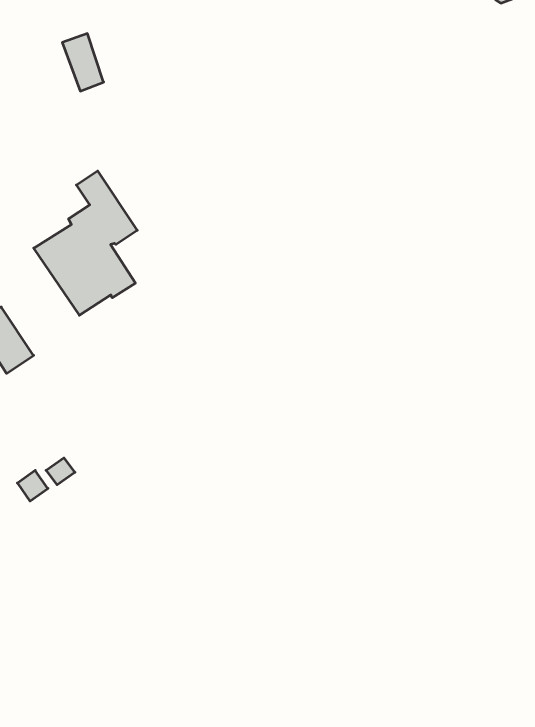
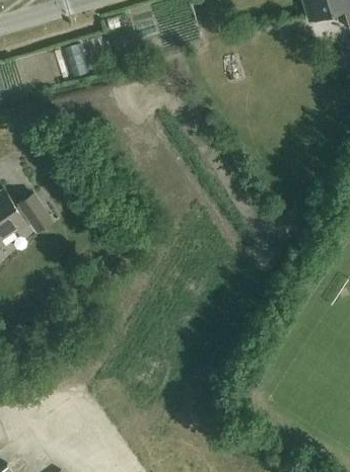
building: [34,171,137,315] -> none

